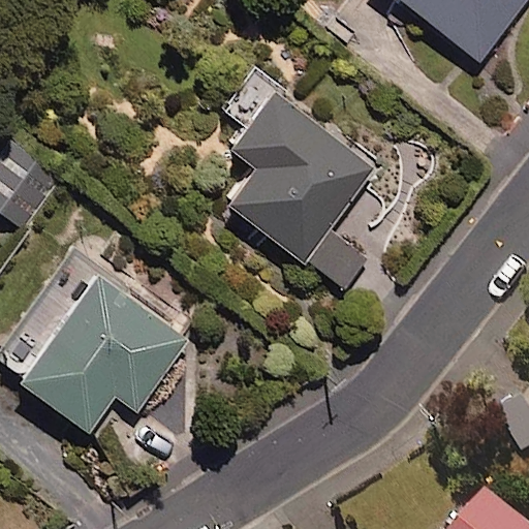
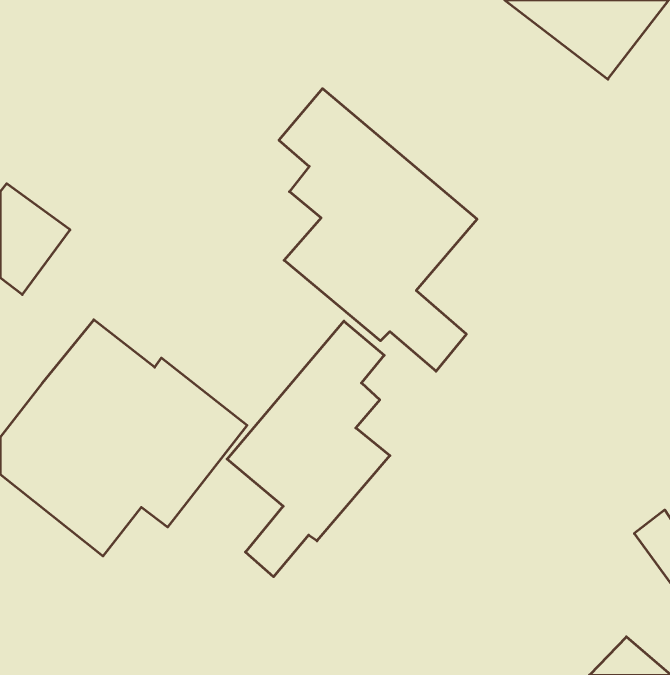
building: none -> [227,321,390,577]

